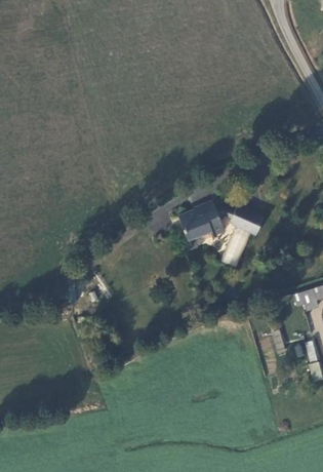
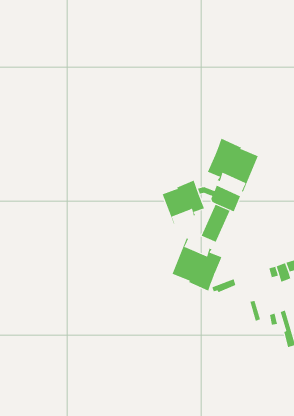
building: none -> [207,138,259,193]
building: none -> [172,237,222,291]

